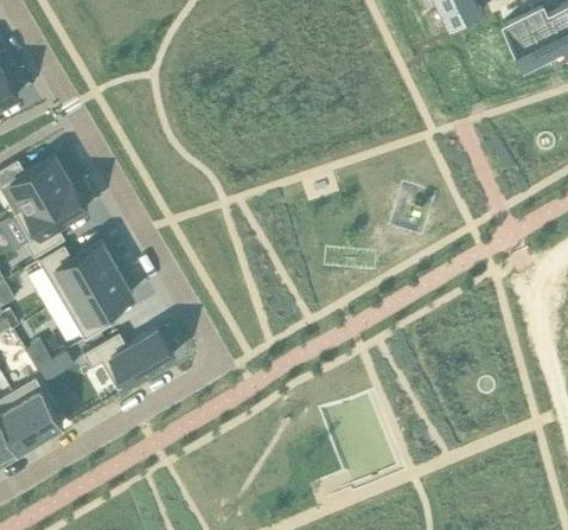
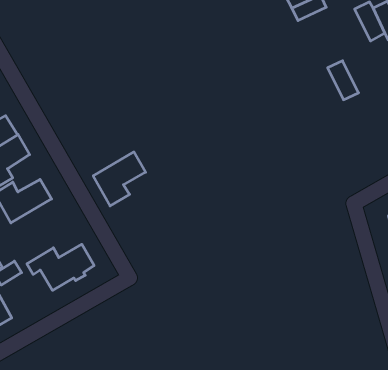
building: [502,15,543,68] -> [328,61,359,100]
building: [62,269,132,341] -> [93,152,146,206]

